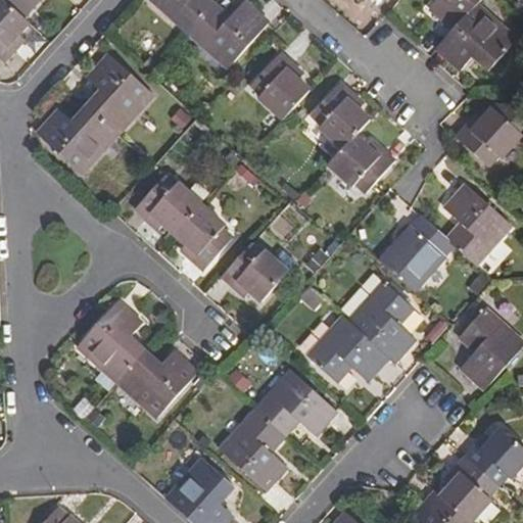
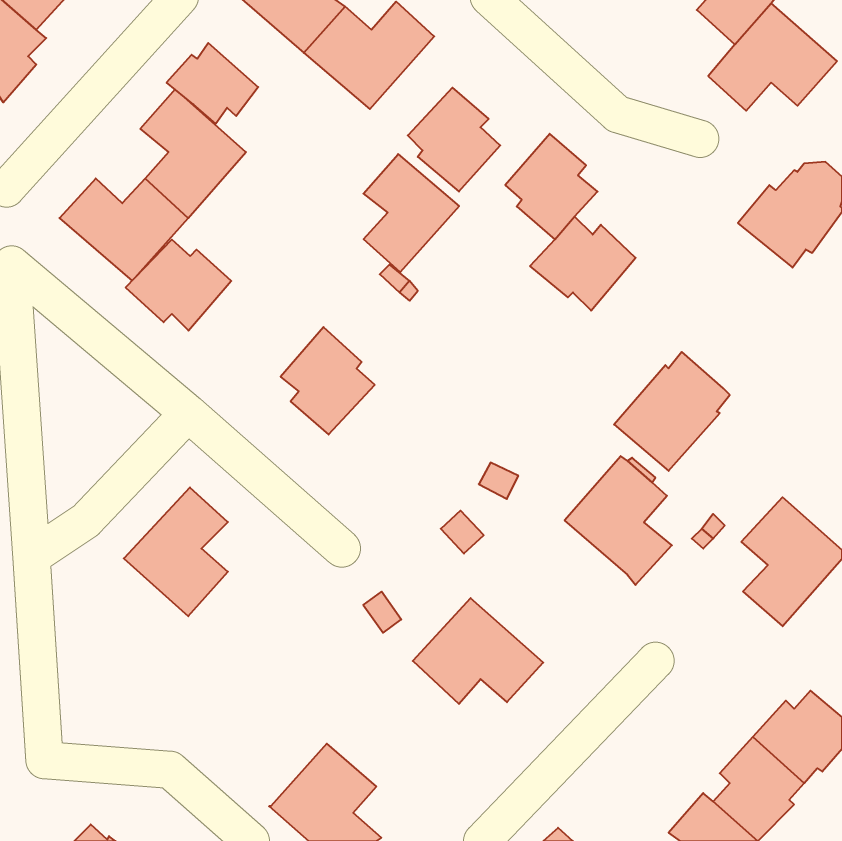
building: none -> [167,43,258,124]
building: none -> [363,154,459,272]
building: [135,177,200,233] -> [126,240,231,331]
building: [444,185,511,265] -> none
building: [221,244,287,300] -> none
building: [307,317,388,381] -> none
building: [116,351,197,418] -> none
building: [219,409,286,489] -> none

